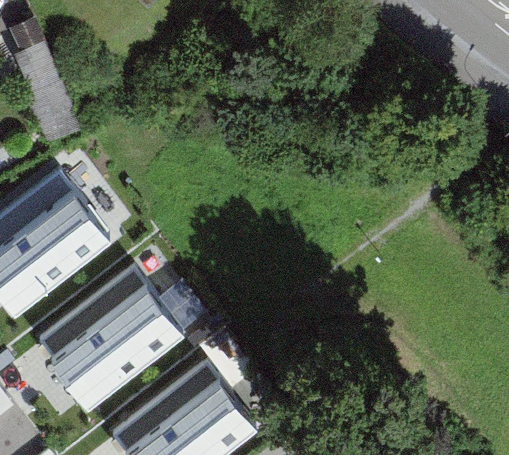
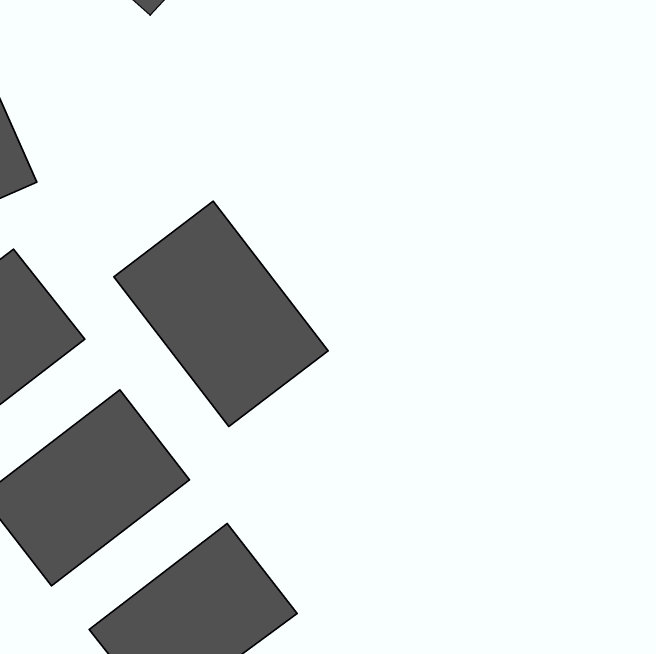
building: none -> [114,201,328,426]

